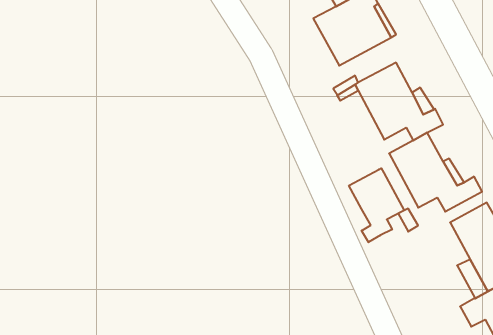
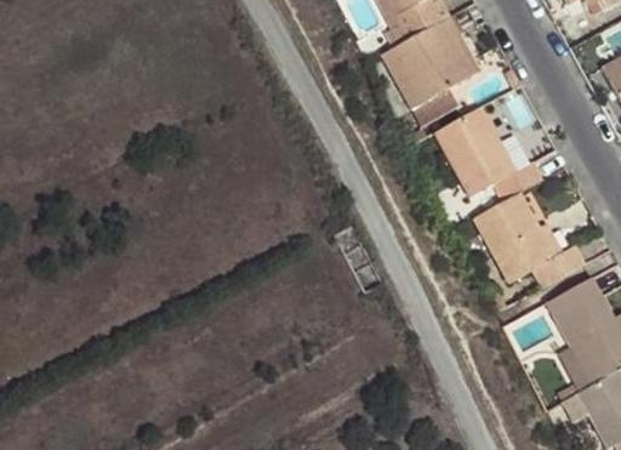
building: [349,168,404,242] -> none

